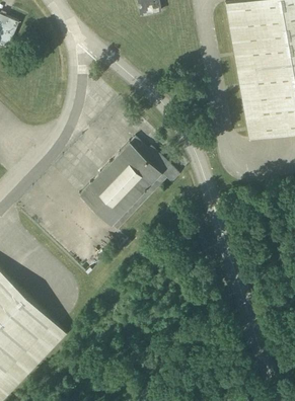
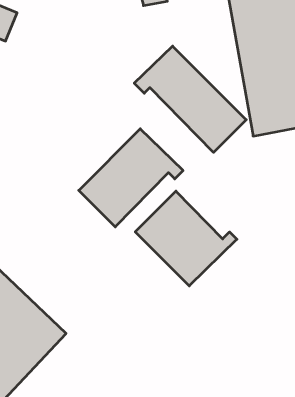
building: none -> [134,46,246,152]
building: none -> [135,191,237,286]

